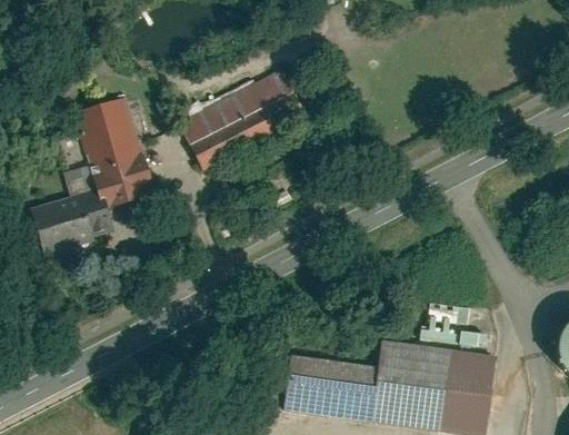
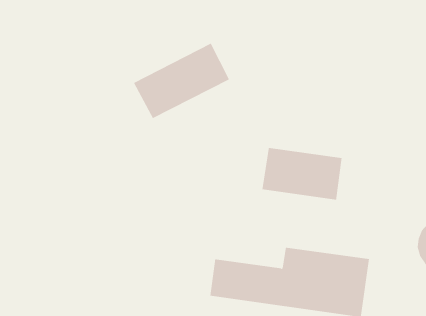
building: [30,95,159,254] -> none
building: none -> [262,147,342,200]

